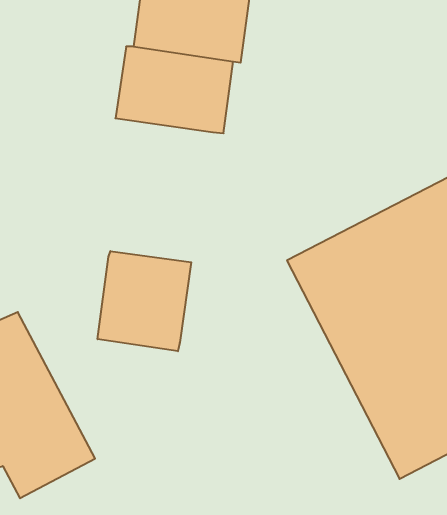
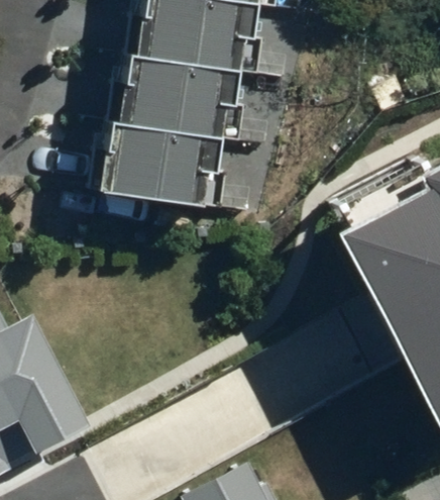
building: none -> [103,118,214,200]
building: [98,251,191,351] -> none

